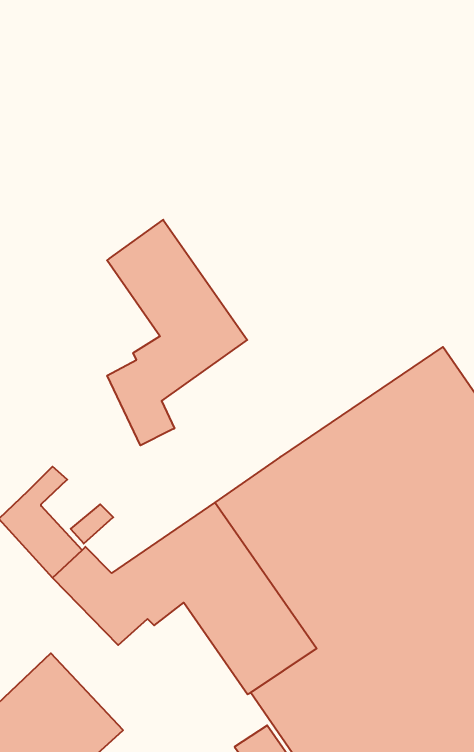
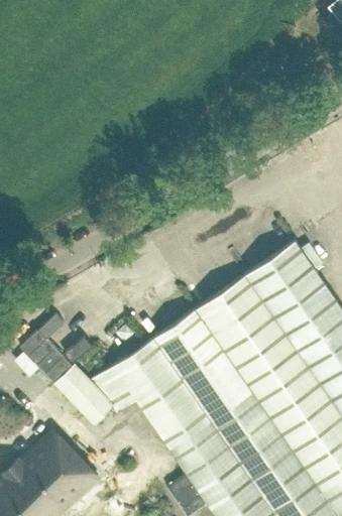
building: [107,220,247,445] -> none

